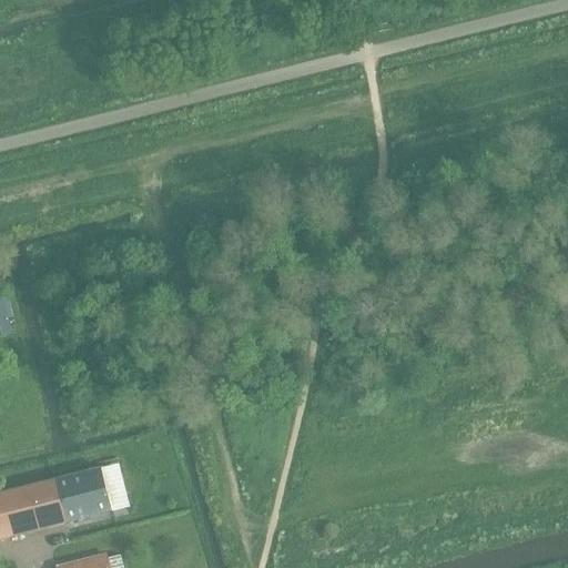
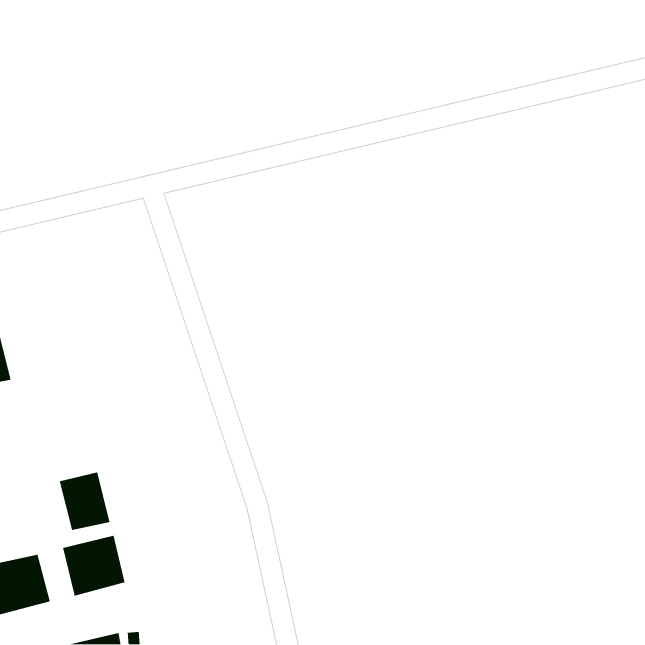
building: none -> [59,471,111,531]

